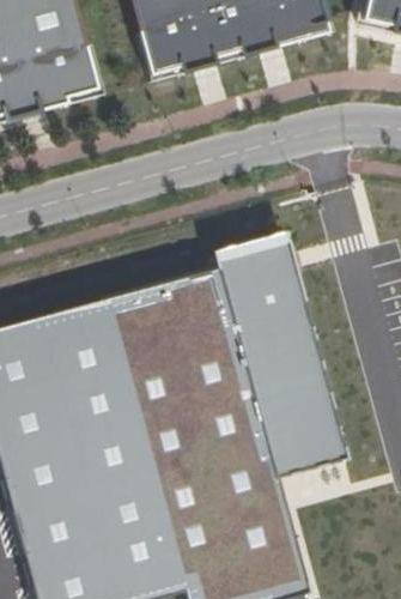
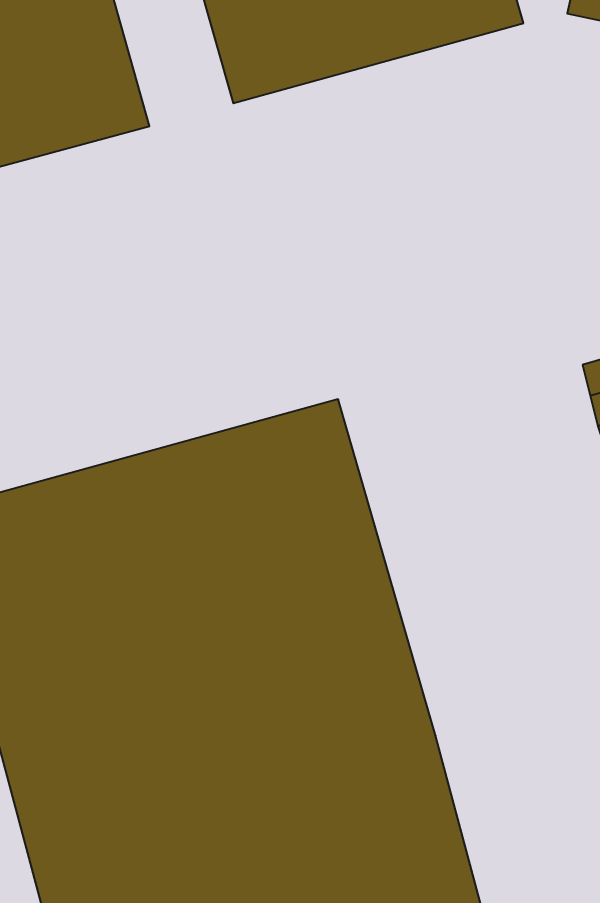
building: [217,235,350,474] -> none

